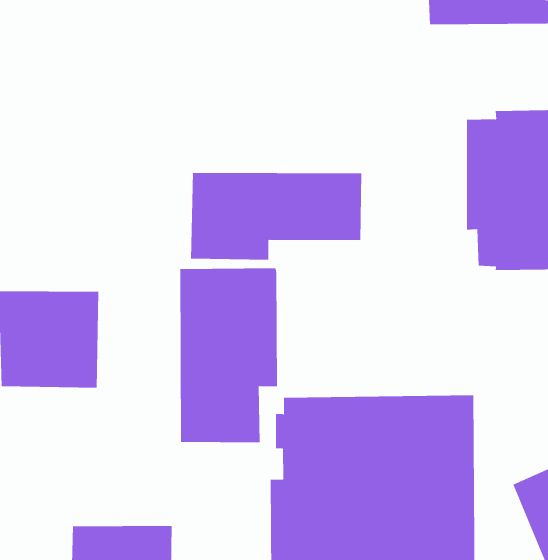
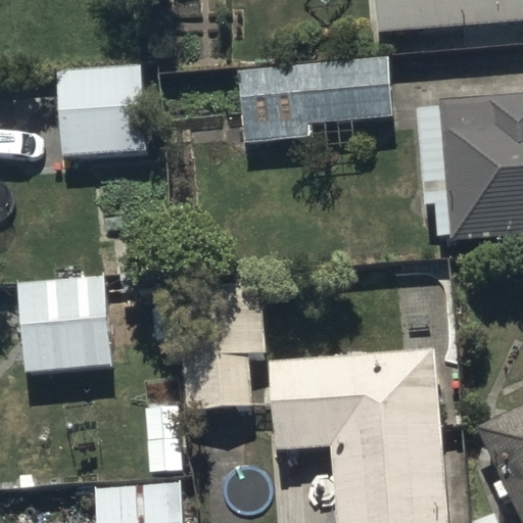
building: none -> [60,60,147,153]
building: [190,173,362,260] -> [239,58,391,143]

